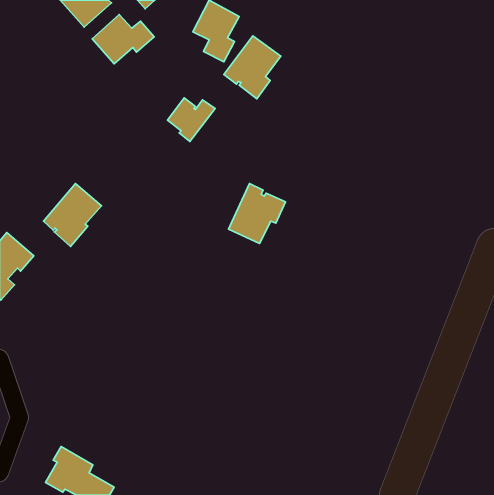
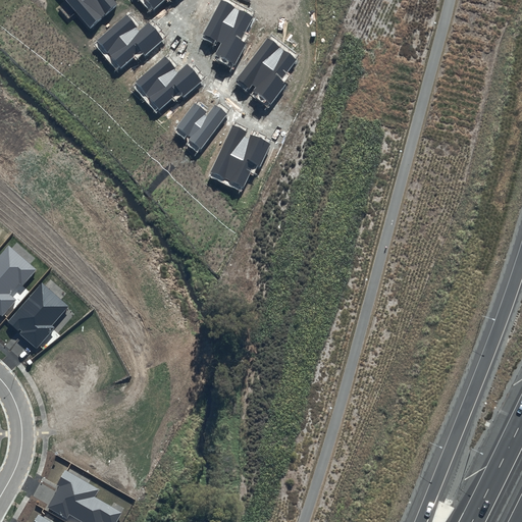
building: none -> [135,56,201,109]
building: [43,184,102,246] -> [7,282,68,349]
building: [228,184,285,244] -> [209,124,269,188]

